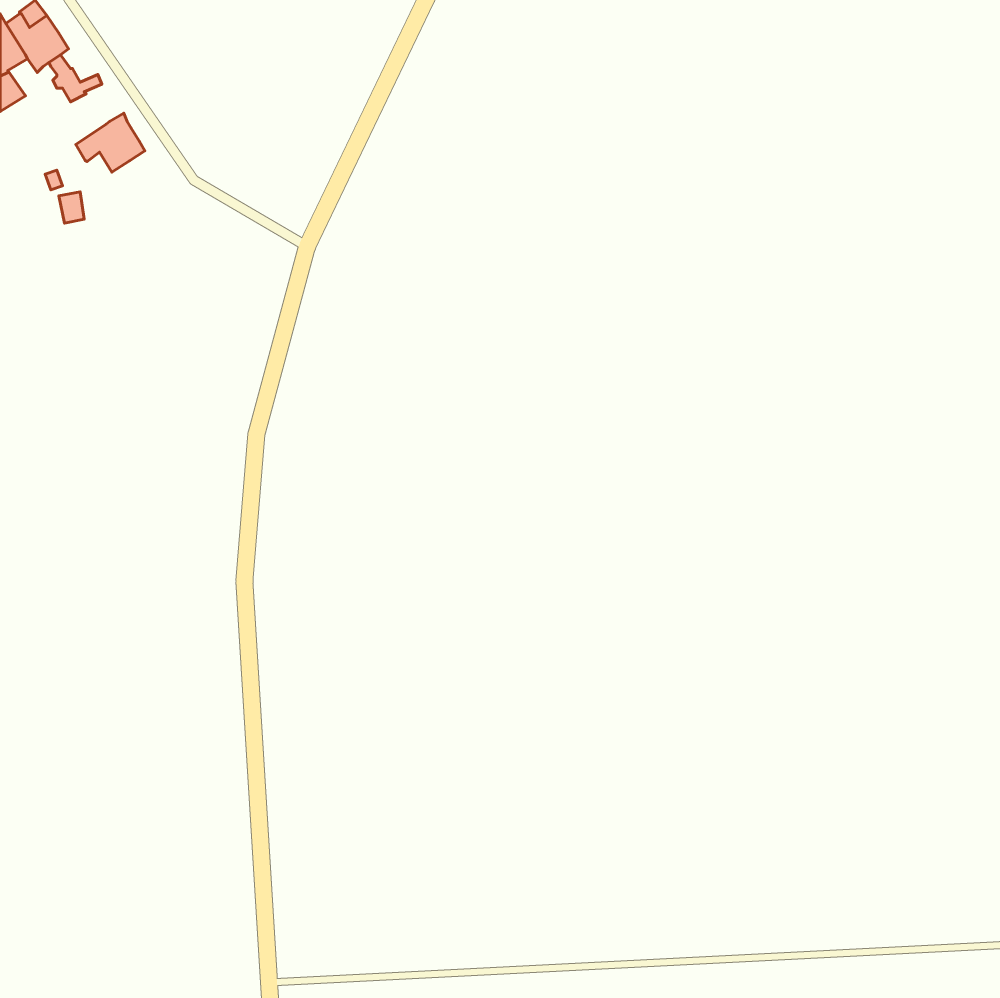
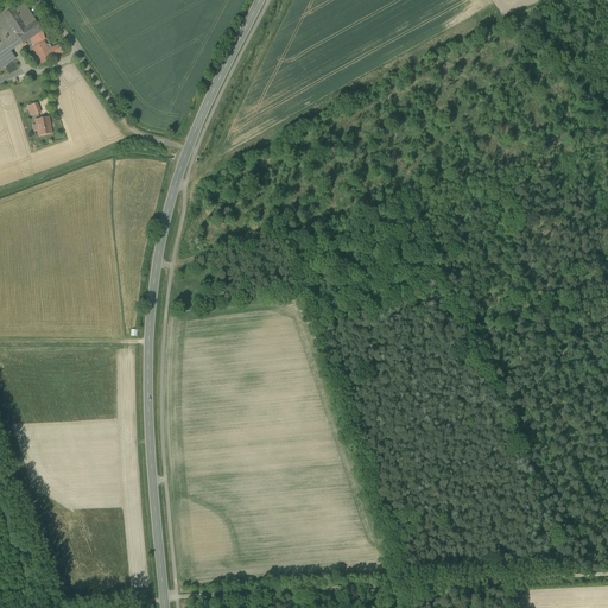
building: [76,113,145,172] -> none

